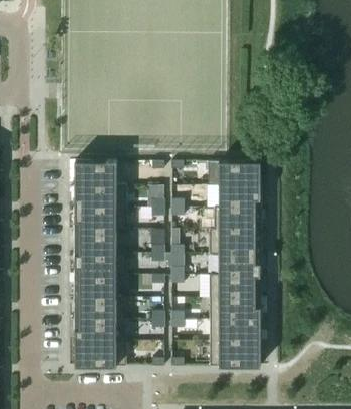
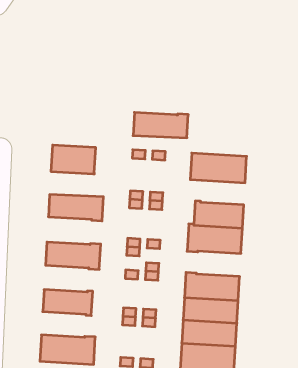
building: [74,185,125,209] -> [133,112,188,138]
building: [218,186,259,208] -> none
building: [74,230,115,254] -> none
building: [218,254,259,276] -> none
building: [74,276,115,299] -> none
building: [74,320,115,342] -> none

